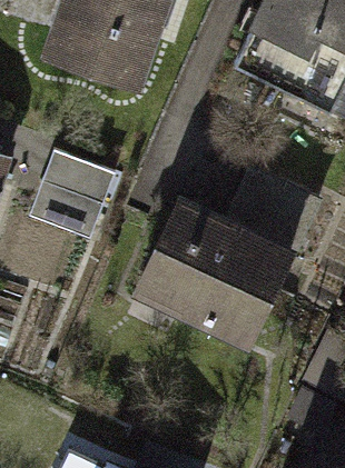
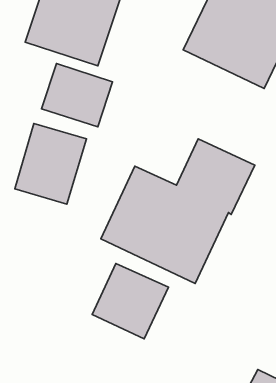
building: none -> [41,64,113,127]
building: none -> [92,264,168,339]

